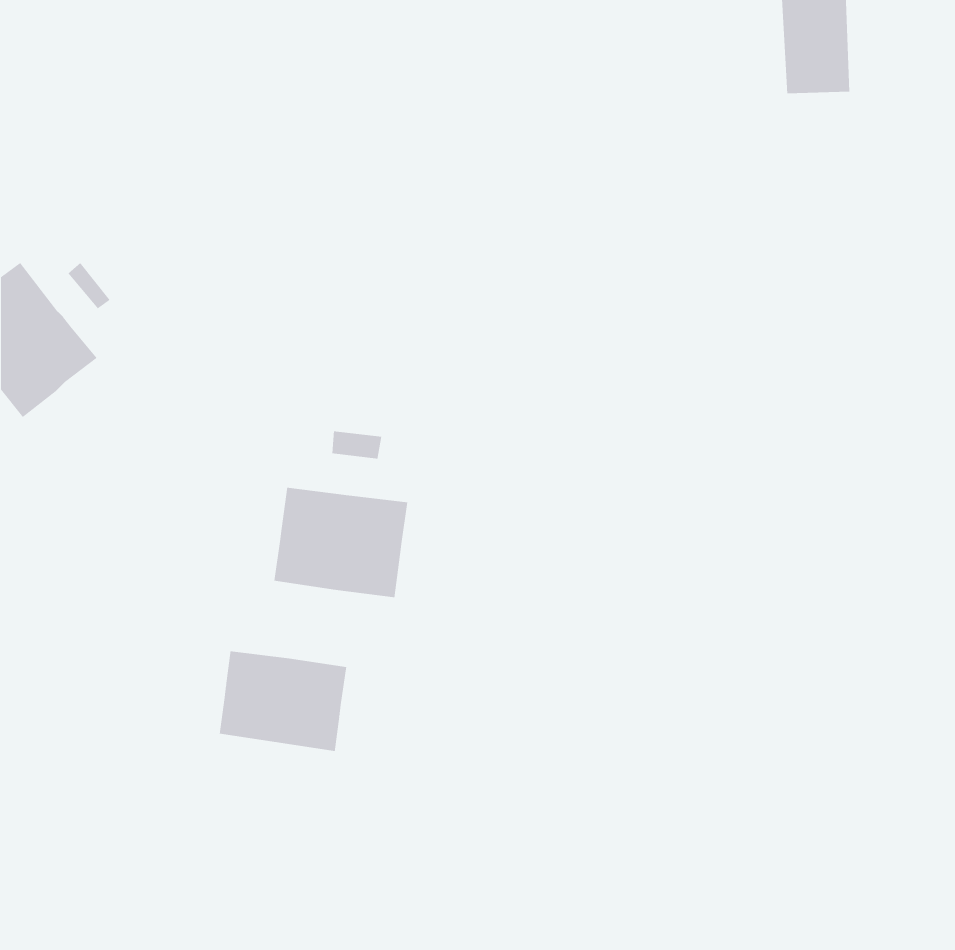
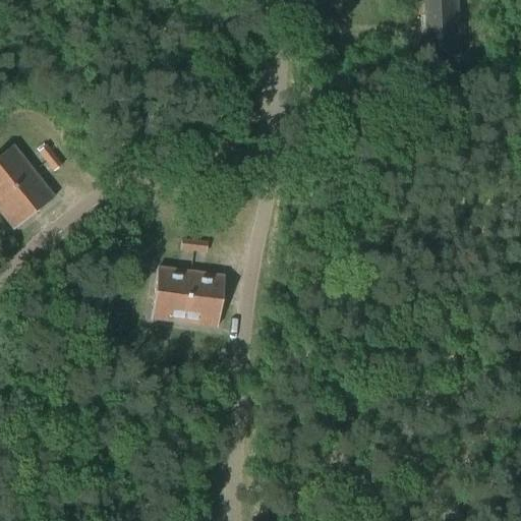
building: [219,651,347,752] -> none

